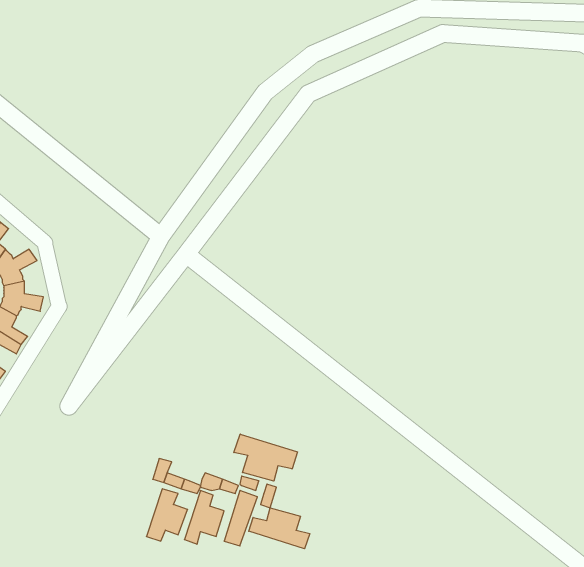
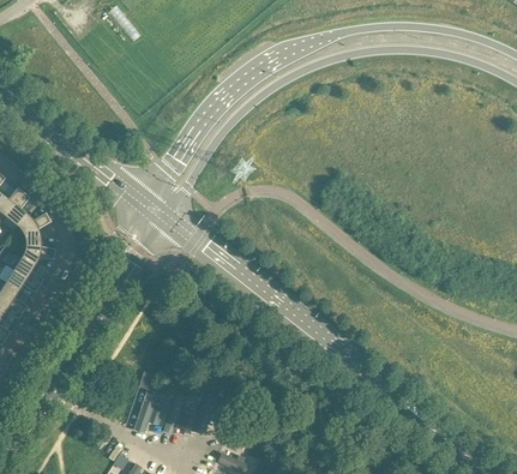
building: [234,434,297,481] -> none
building: [249,508,310,549] -> none

